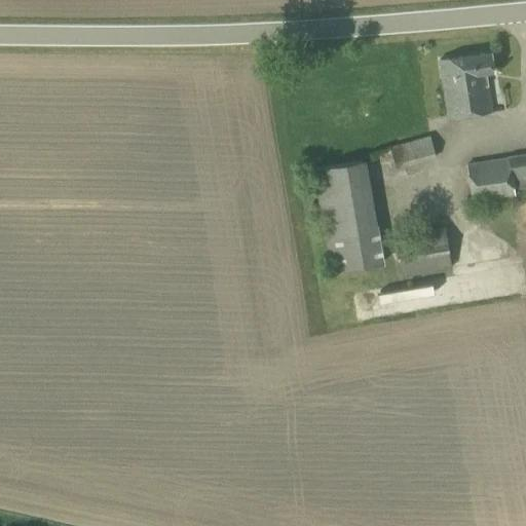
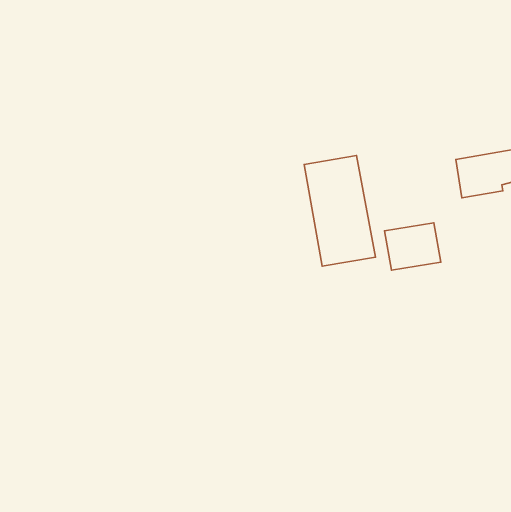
building: [439,52,494,118] -> none
building: [392,136,438,167] -> none

